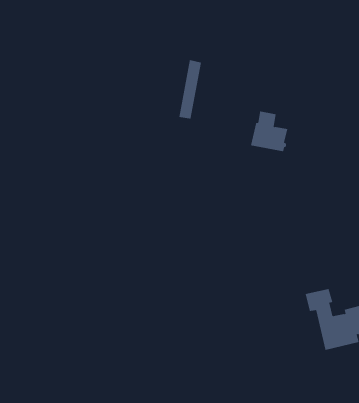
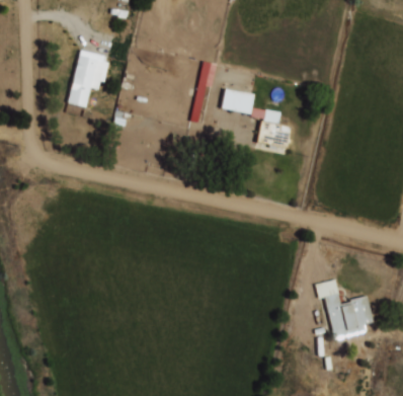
building: none -> [69,50,110,108]
building: none -> [218,88,252,113]

